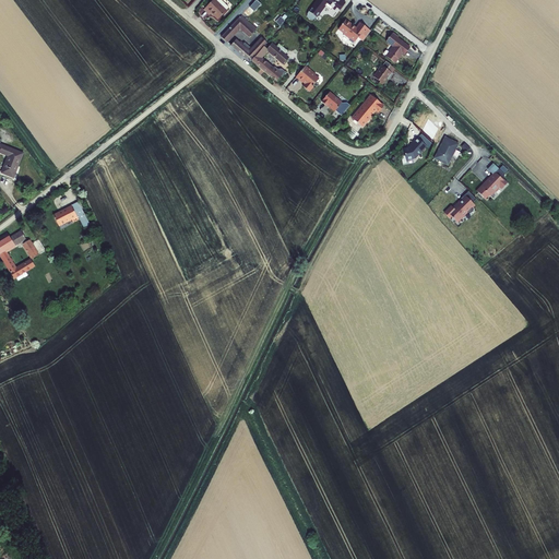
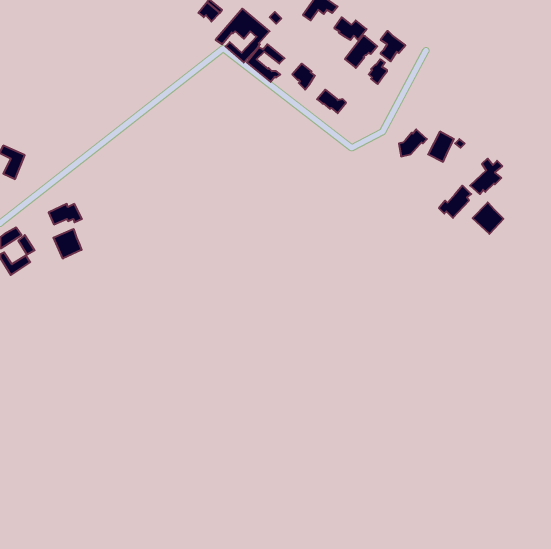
building: [352,93,384,126] -> [345,36,377,68]
building: none -> [473,202,503,234]
building: none -> [53,229,82,259]

